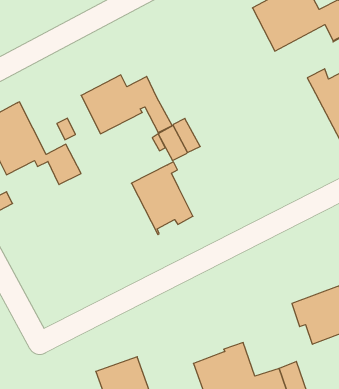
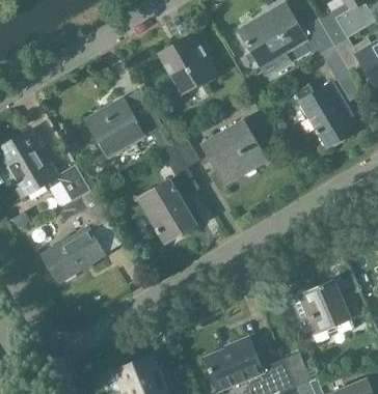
building: none -> [158,33,217,95]
building: none -> [199,119,266,182]
building: none -> [42,192,111,283]

